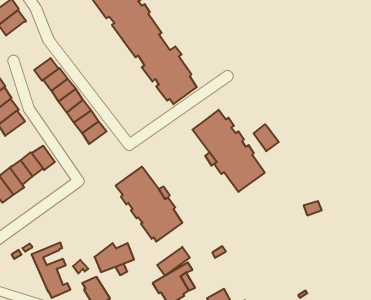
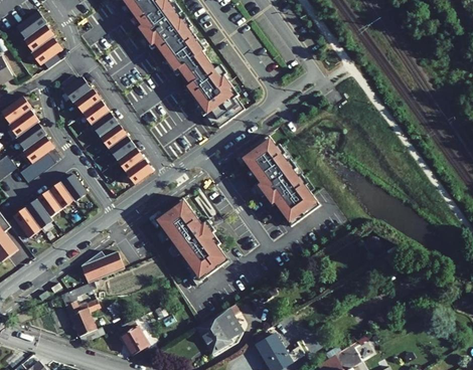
building: none -> [30,37,61,65]
building: [254,124,279,151] -> none
building: none -> [125,159,153,185]
building: [94,243,134,272] -> [80,250,124,283]
building: [157,247,190,276] -> none

